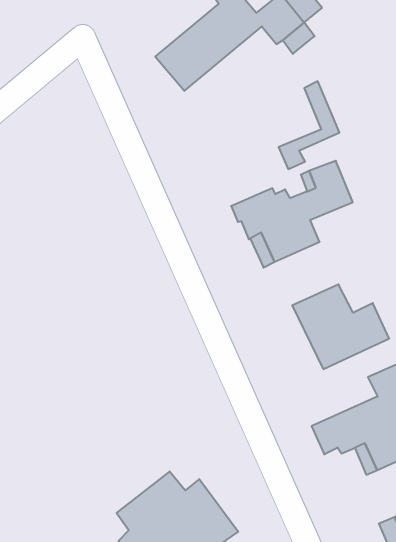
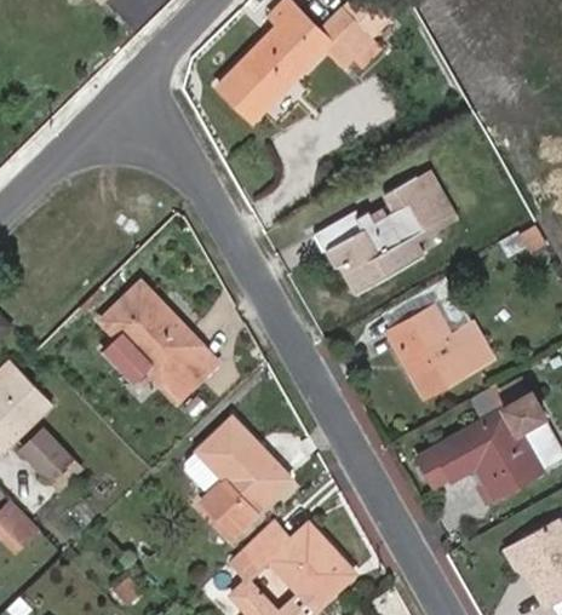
building: [279,81,340,169] -> [397,169,459,264]
building: none -> [103,284,217,397]
building: none -> [187,419,291,530]

